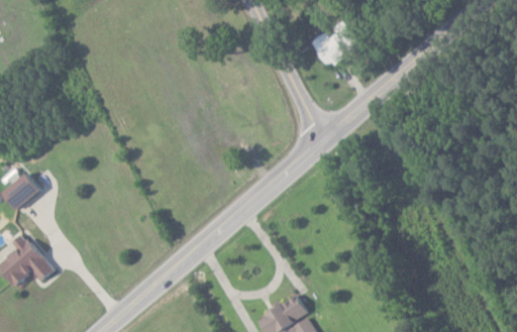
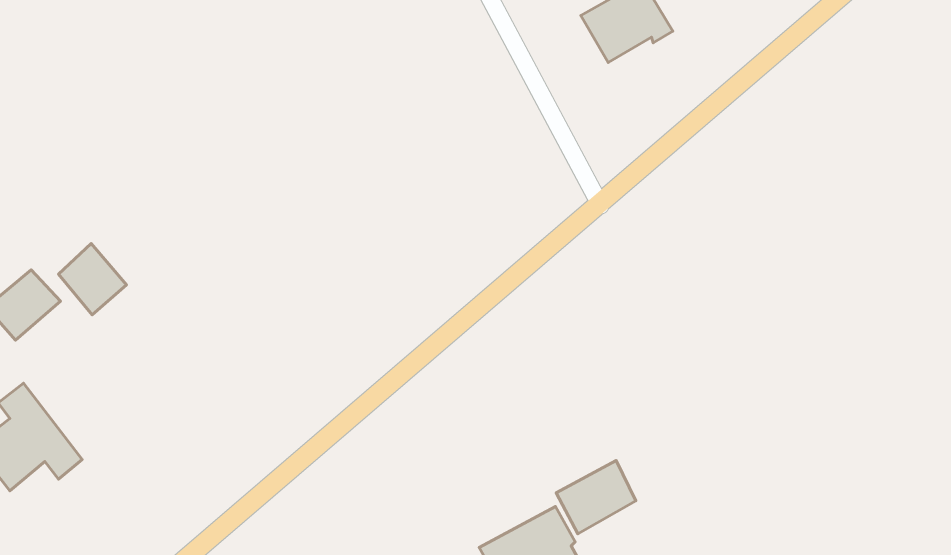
building: none -> [59,244,127,315]
building: none -> [556,460,636,534]

